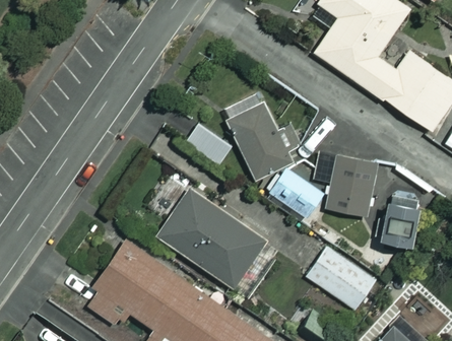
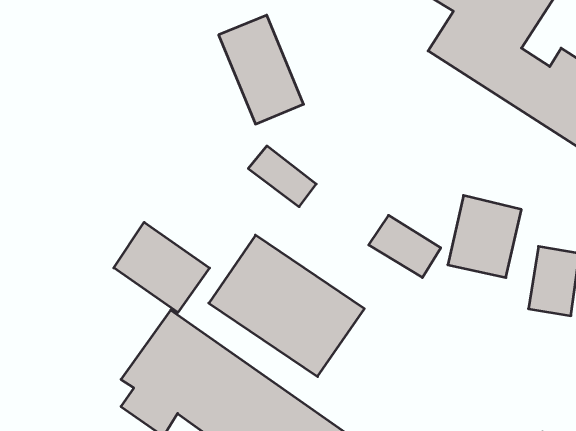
building: [231,99,292,178] -> [219,15,304,124]
building: none -> [114,222,210,312]
building: [306,245,377,310] -> none

